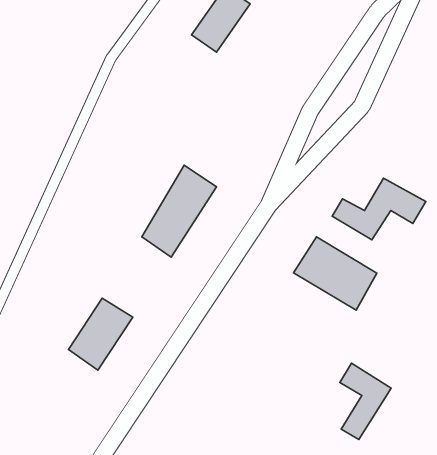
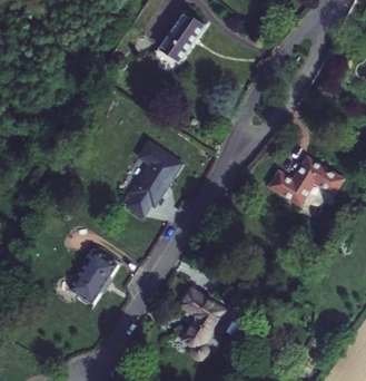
building: [293,237,377,310] -> none
building: [340,363,391,439] -> [182,291,221,349]

